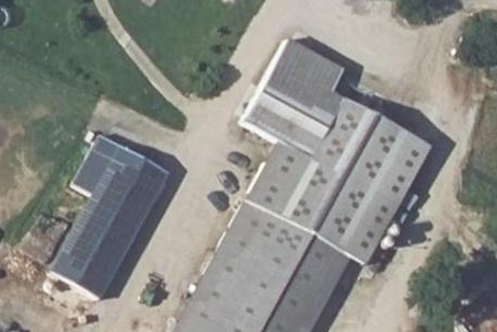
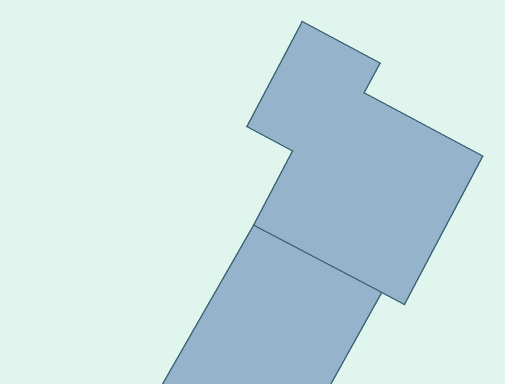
building: [55,133,173,302] -> none

